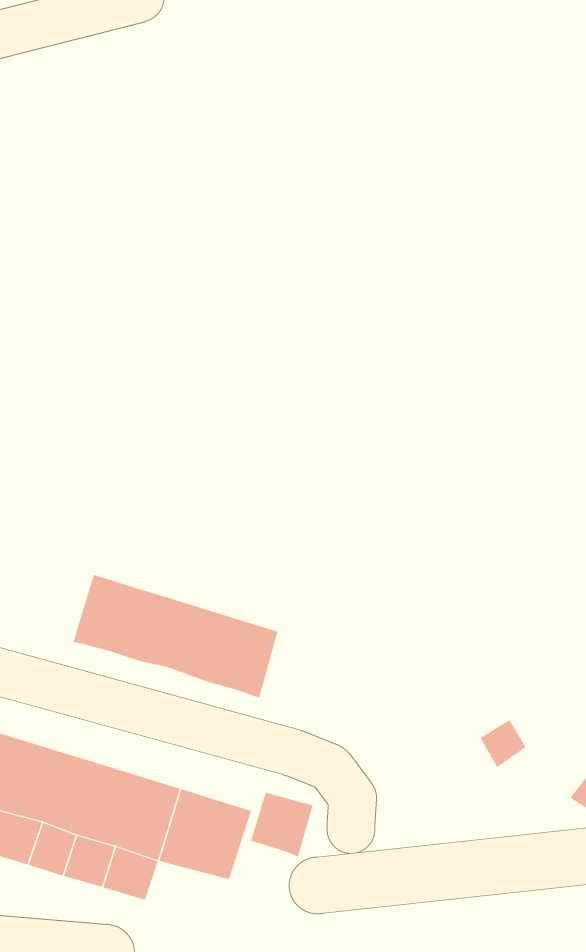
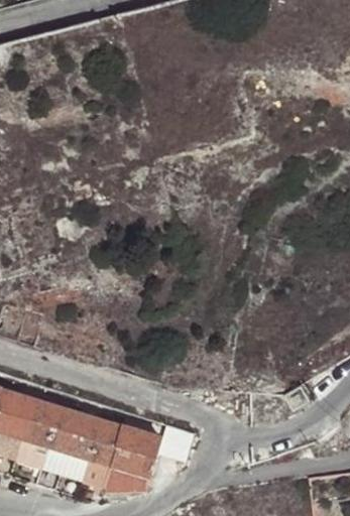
building: [73,574,278,699] -> none
building: none -> [101,465,149,494]

